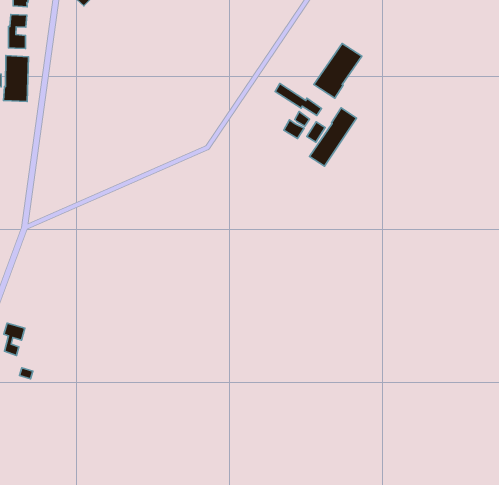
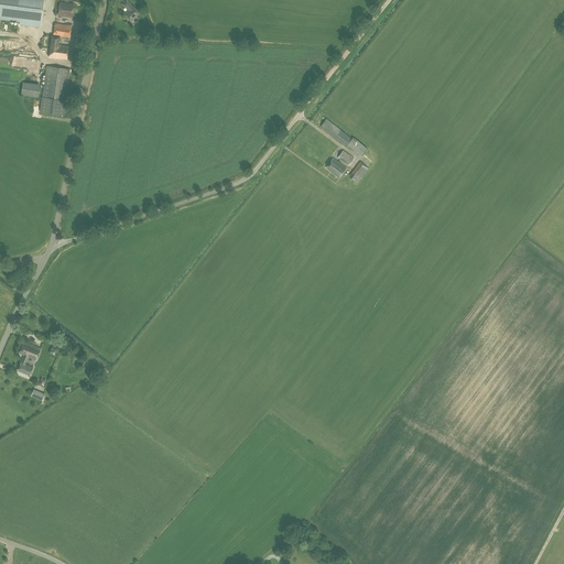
building: [314,43,362,98] -> none
building: [310,108,357,166] -> none

